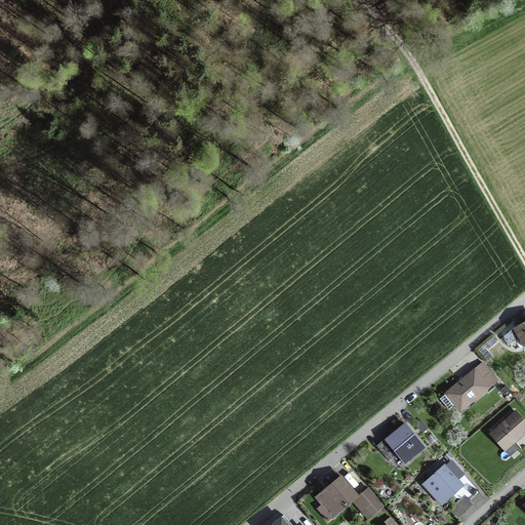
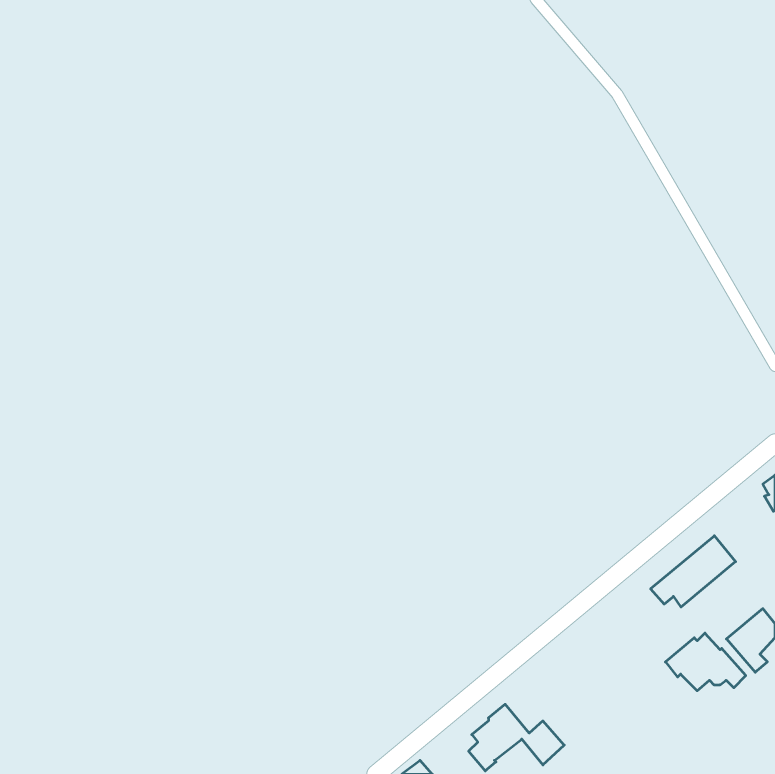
building: [378,422,425,463] -> none
building: [423,461,478,500] -> [665,633,746,691]

